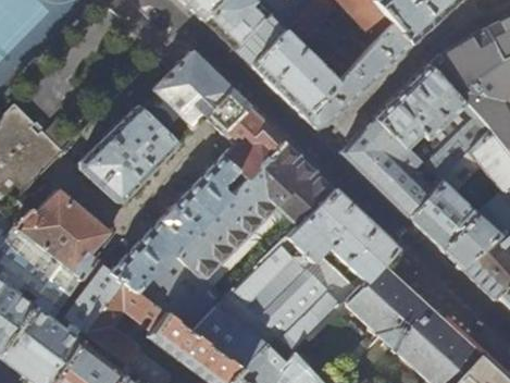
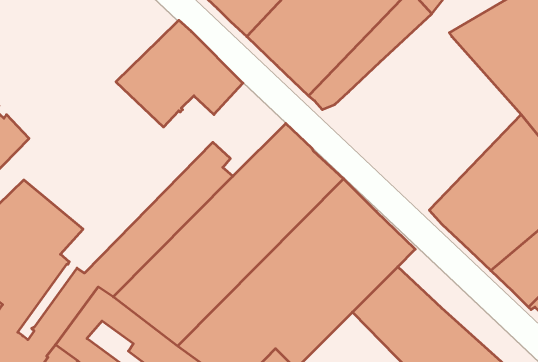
building: [343,65,488,215] -> none
building: [79,104,179,202] -> none
building: [222,106,285,186] -> none

